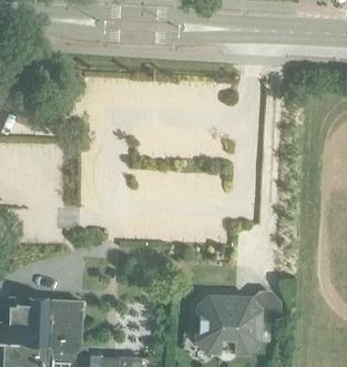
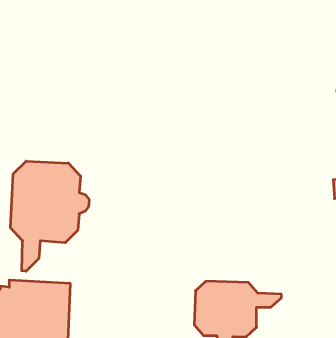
building: none -> [10,161,89,271]

